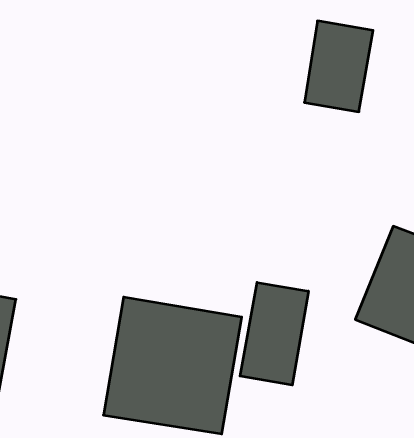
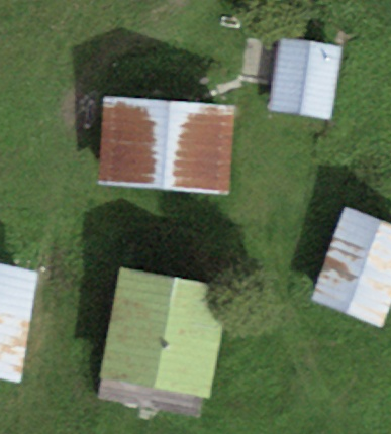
building: none -> [104,99,223,186]
building: [240,282,308,385] -> none

